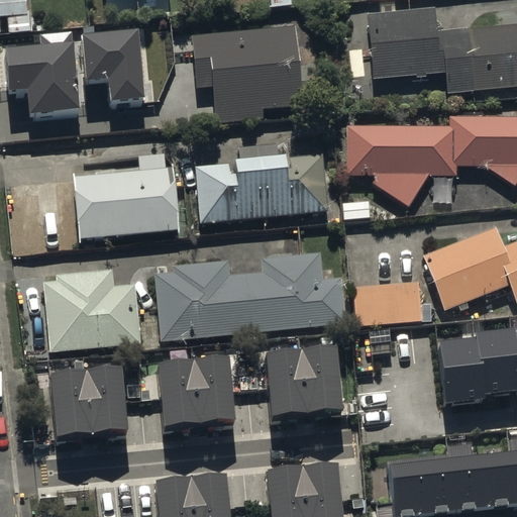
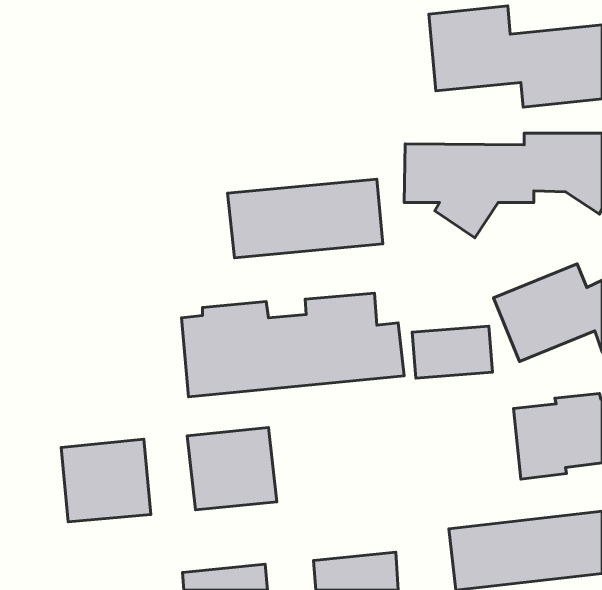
building: [191,24,304,121] -> none
building: [83,38,145,110] -> none
building: [6,49,81,122] -> none
building: [73,167,180,240] -> none
building: [43,268,141,350] -> none
building: [268,357,343,427] -> none

